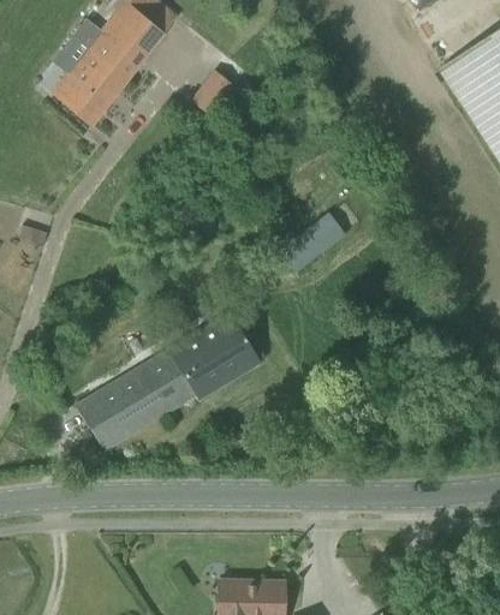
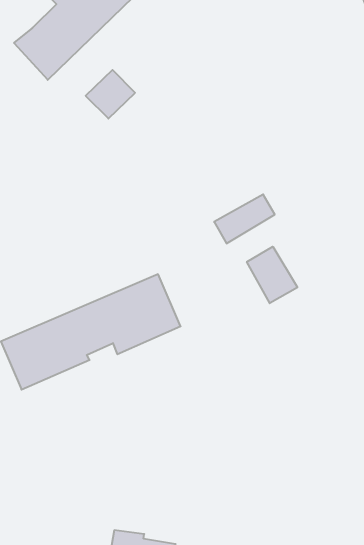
building: [188,67,238,118] -> [86,70,135,119]
building: none -> [247,247,297,303]

